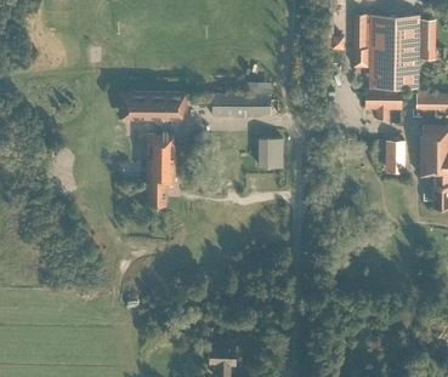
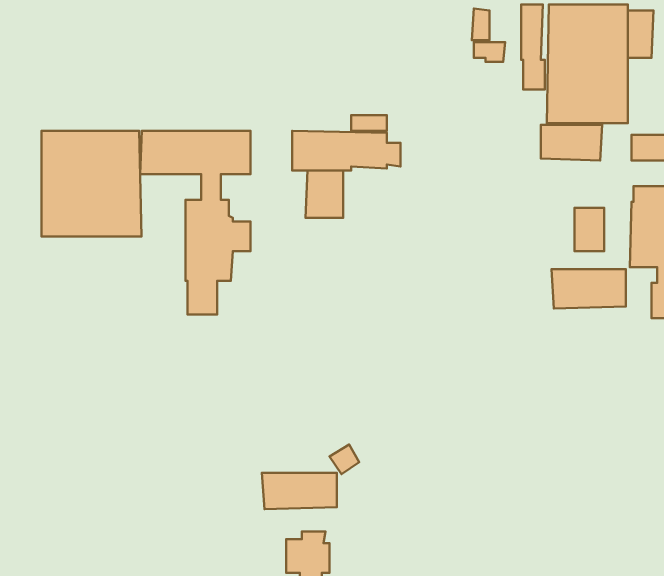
building: none -> [42,131,141,237]
building: [260,139,283,168] -> [306,170,343,218]
building: none -> [551,269,626,309]
building: none -> [262,473,337,509]

